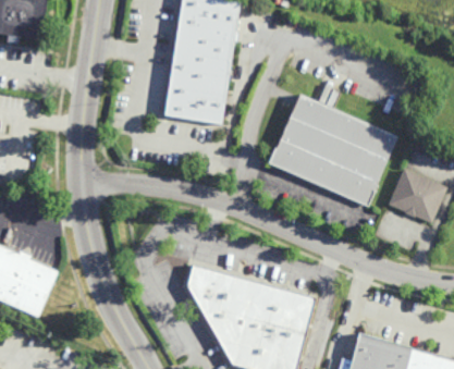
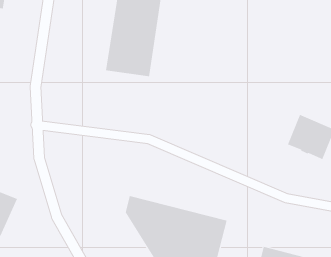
building: [267,95,397,211] -> none

